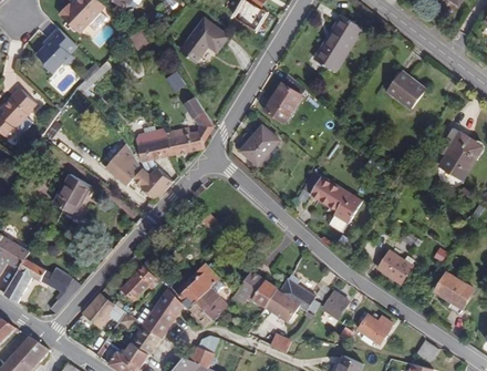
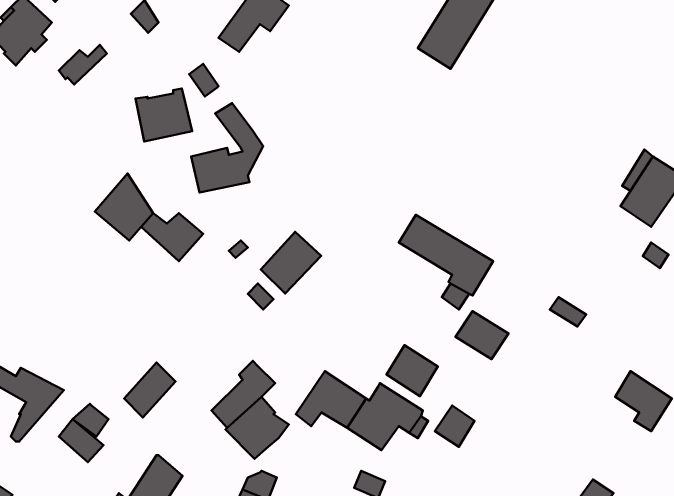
building: [386,71,425,109] -> none
building: [269,73,307,120] -> none
building: [242,125,281,165] -> [261,232,321,294]
building: [134,127,170,162] -> [135,88,192,142]
building: [53,174,93,216] -> none
building: [382,247,416,278] -> [455,311,509,359]
building: none -> [387,345,438,396]
building: [139,284,183,338] -> none
building: [355,317,390,346] -> none

